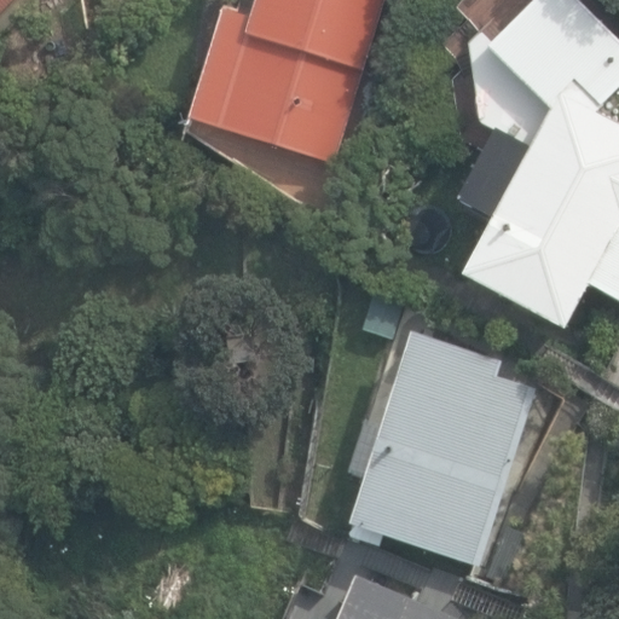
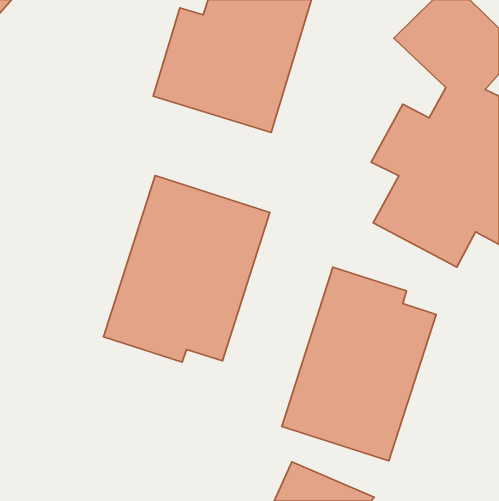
building: none -> [103,176,270,362]

